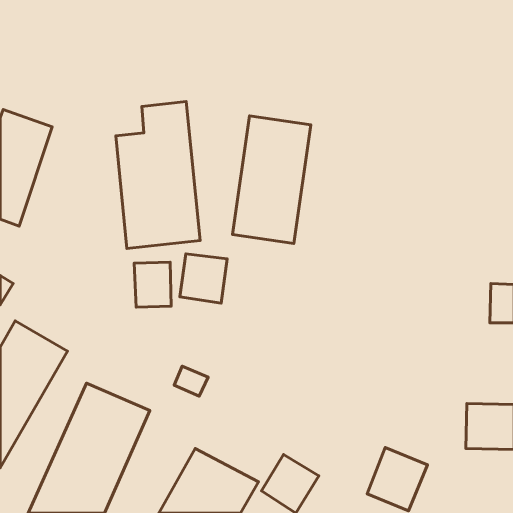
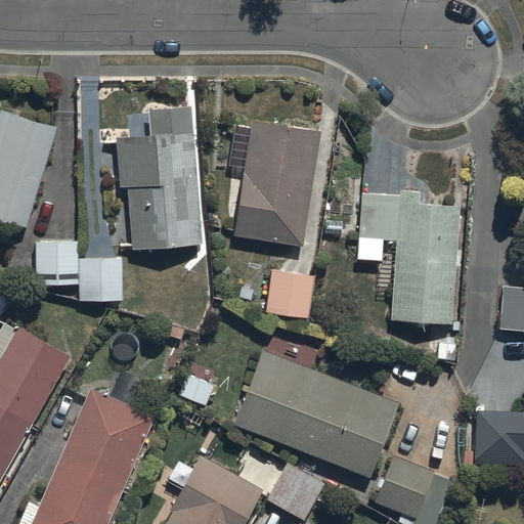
building: none -> [356,189,461,328]
building: none -> [38,239,77,285]
building: [180,254,227,303] -> [266,270,314,320]
building: [134,262,171,307] -> [83,256,121,302]
building: none -> [233,352,397,480]

